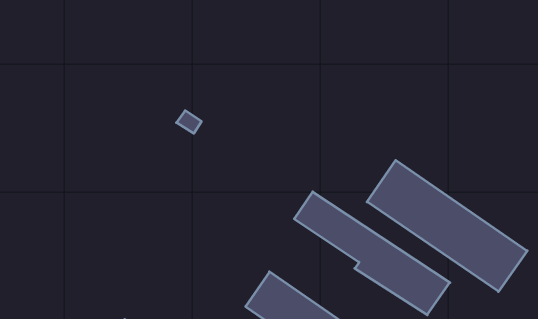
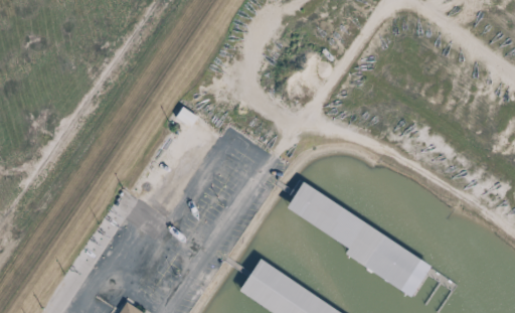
building: [367,160,527,292] -> none

